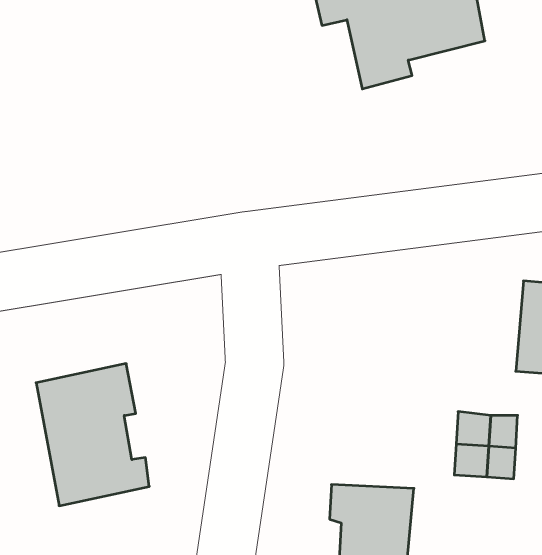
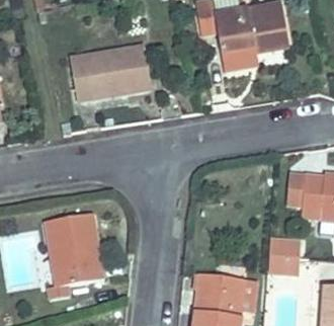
building: none -> [70,43,150,100]

